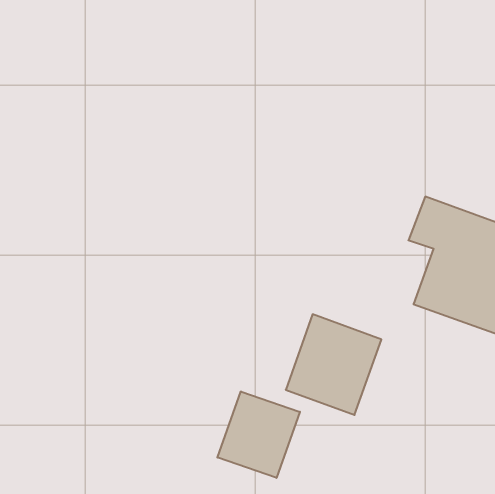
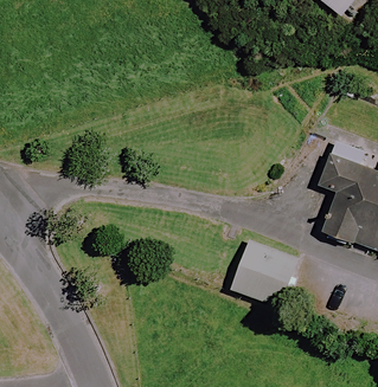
building: [217,391,300,478] -> none

